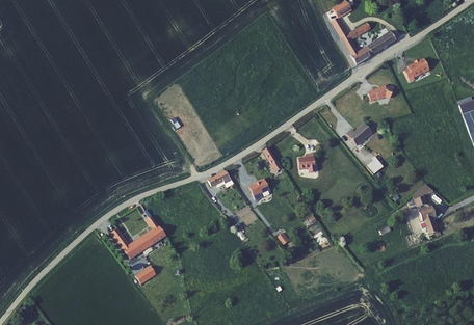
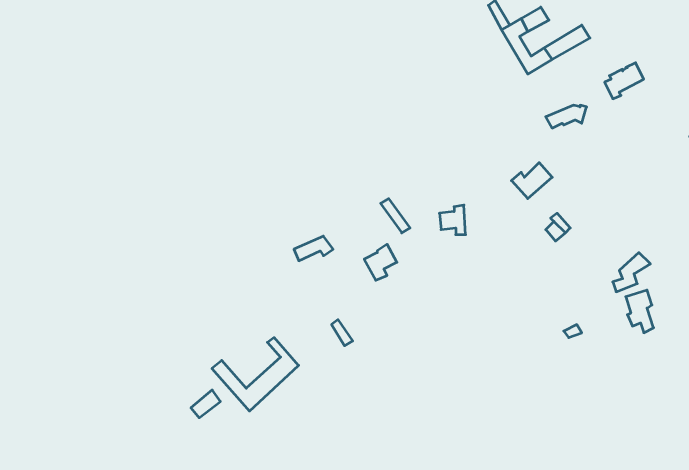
building: [110,213,165,260] -> [212,338,299,411]

